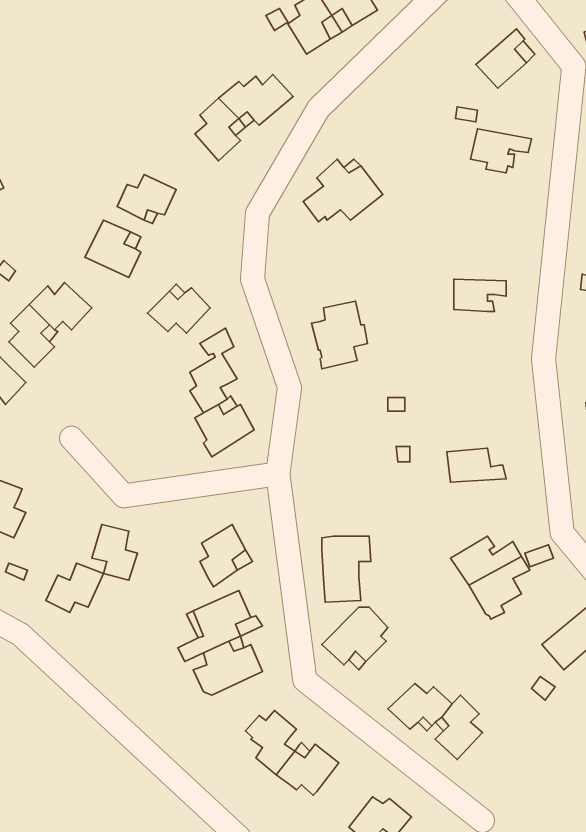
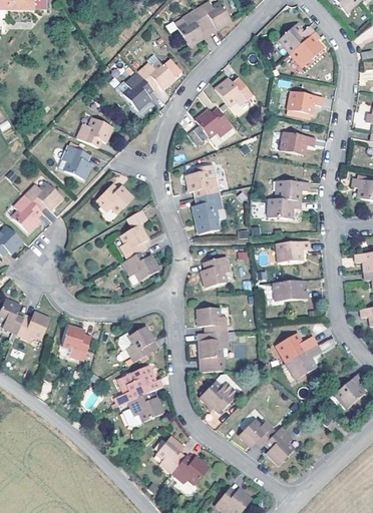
building: none -> [278,24,314,53]
building: none -> [215,77,255,109]
building: none -> [280,131,315,154]
building: none -> [185,163,219,197]
building: none -> [268,198,300,218]
building: none -> [277,239,309,263]
building: none -> [201,256,230,288]
building: none -> [198,308,227,333]
building: [46,563,104,612] -> [16,312,50,341]

